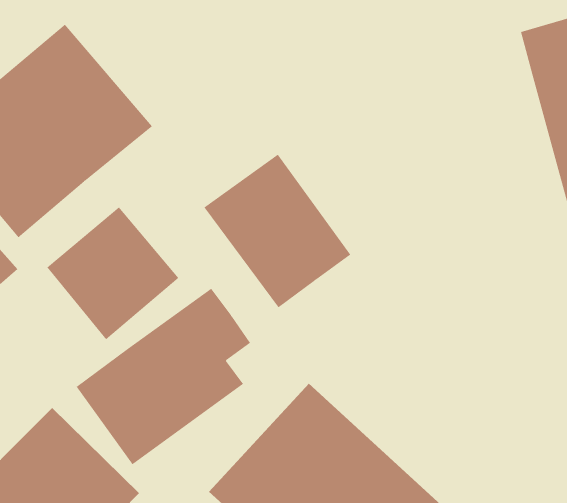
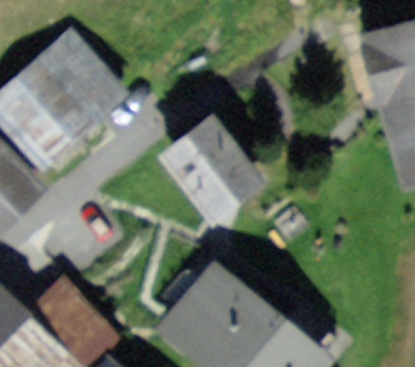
building: [46,207,179,340] -> none
building: [76,288,251,465] -> none

